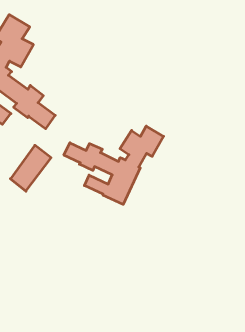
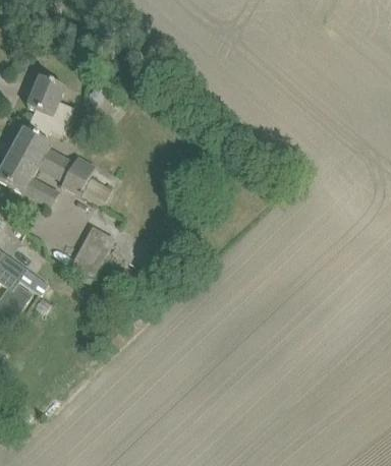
building: [64,126,164,204] -> none

